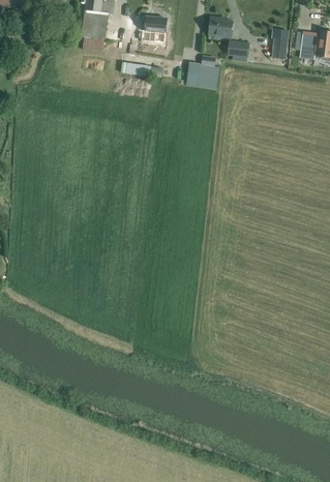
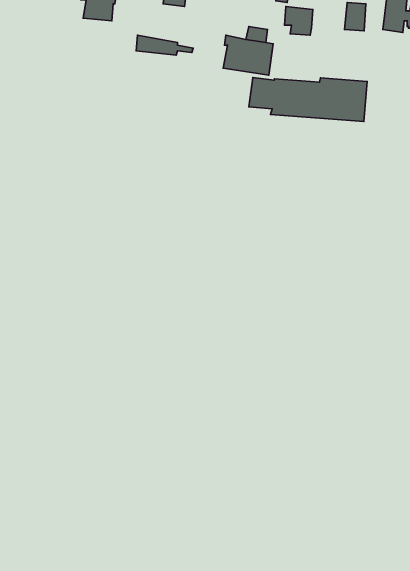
building: none -> [249,77,367,122]

